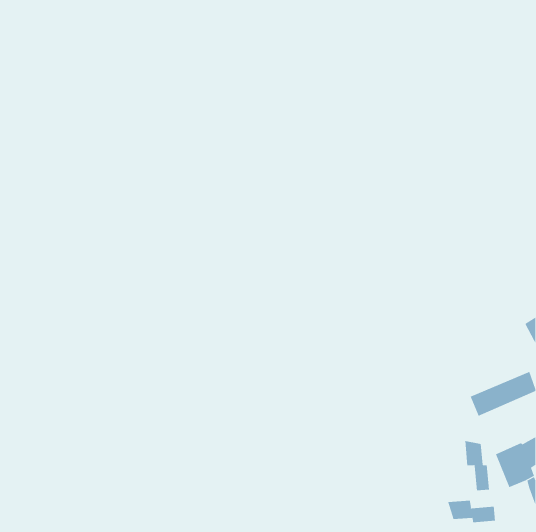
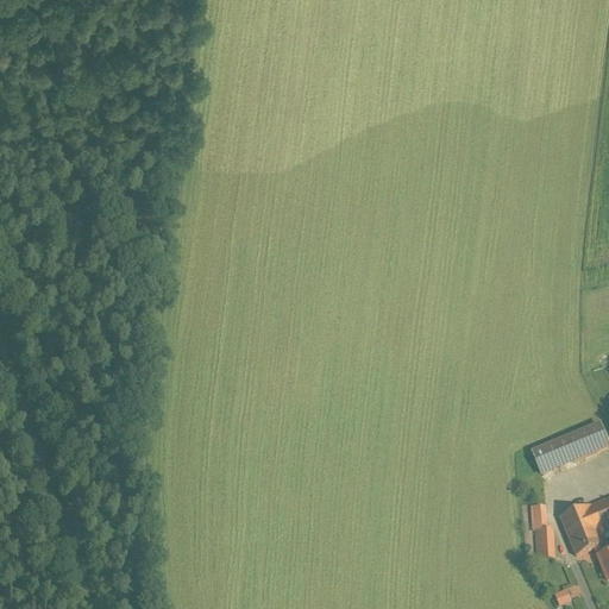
building: [448,500,496,523] -> none

